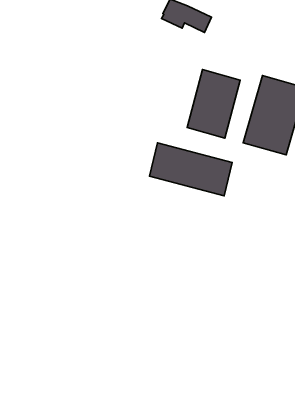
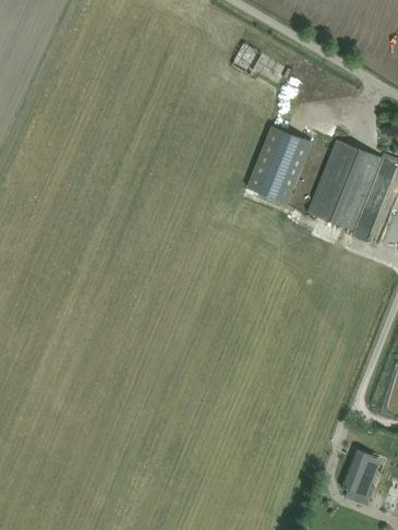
building: [150,143,232,196] -> none

